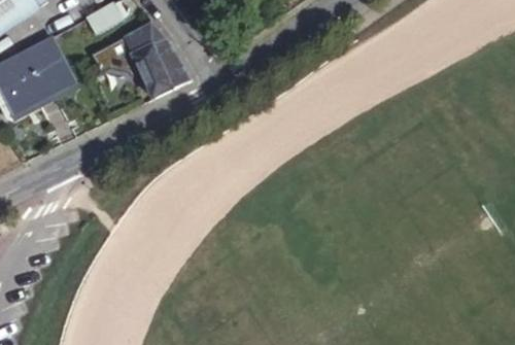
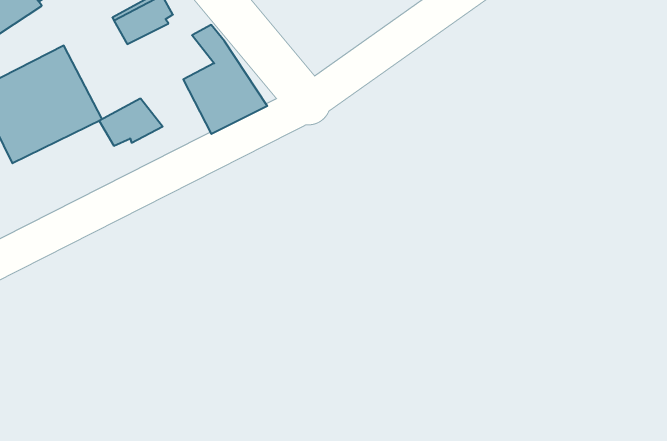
building: [111,29,156,62] -> [99,99,163,146]

